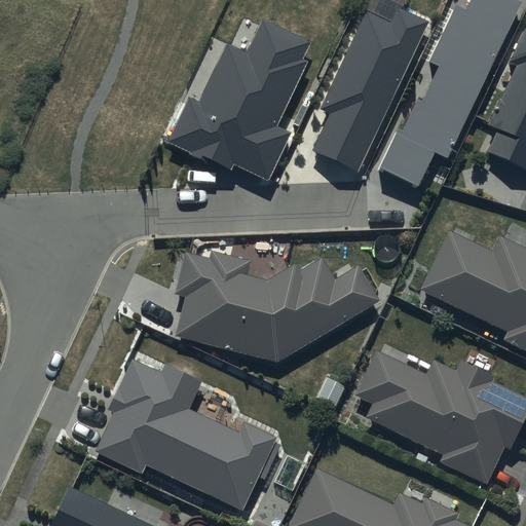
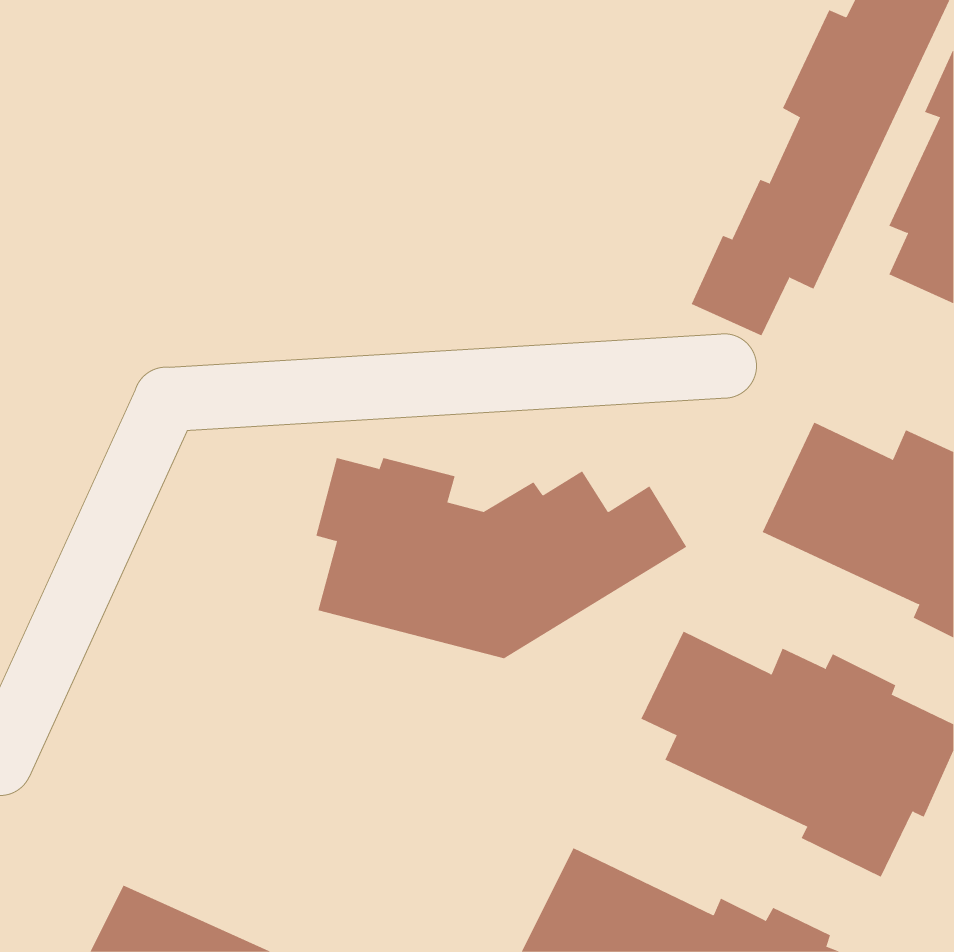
building: [313,6,429,171] -> none
building: [167,18,310,180] -> none
building: [96,358,277,510] -> none

